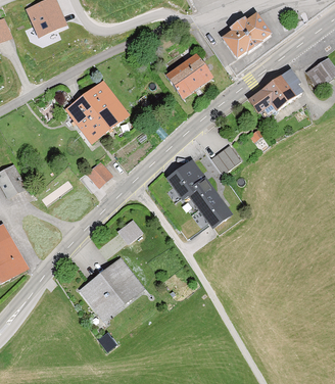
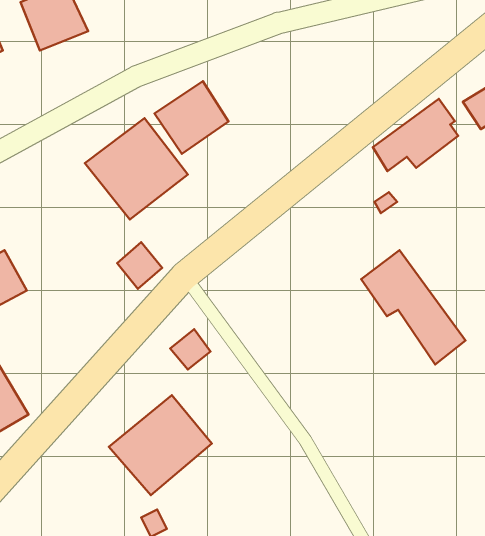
building: [221,12,271,56] -> none
building: [168,55,214,101] -> [154,81,228,154]
building: [209,143,240,172] -> none
building: [164,159,231,232] -> [361,250,466,365]

